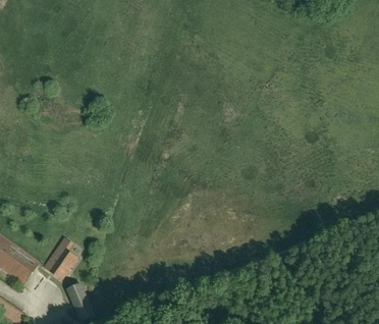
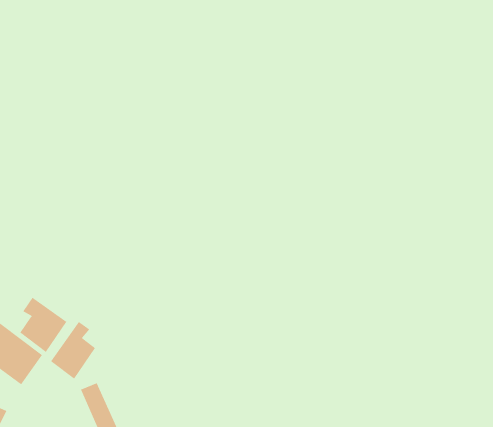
building: none -> [20,297,67,353]

